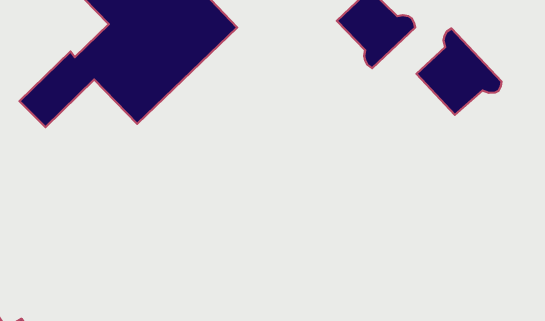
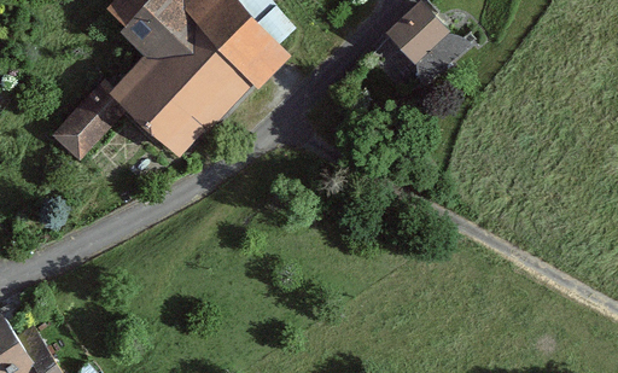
building: [416,28,502,115] -> none

